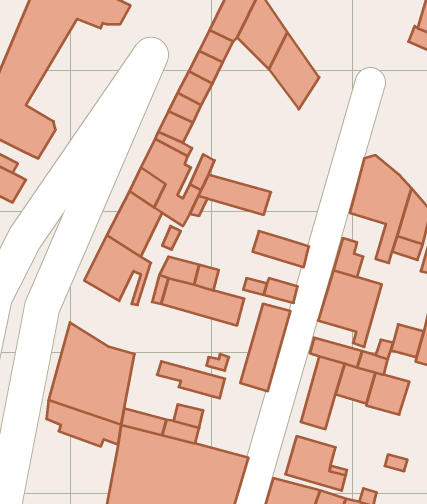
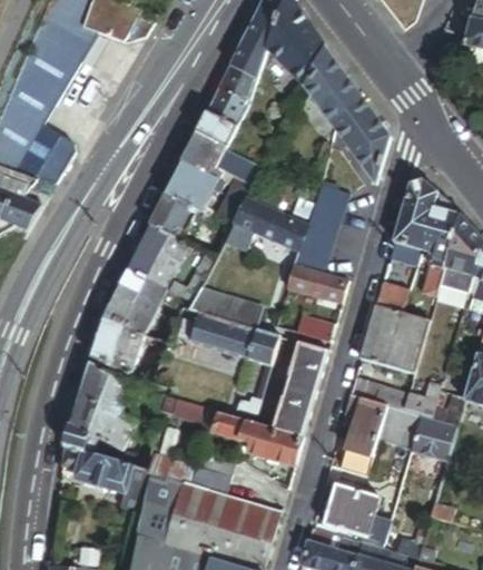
building: none -> [336,96,388,184]
building: none -> [293,183,347,272]
building: none -> [90,316,151,380]
building: none -> [248,423,303,465]

